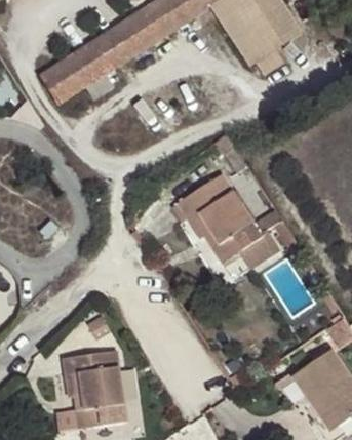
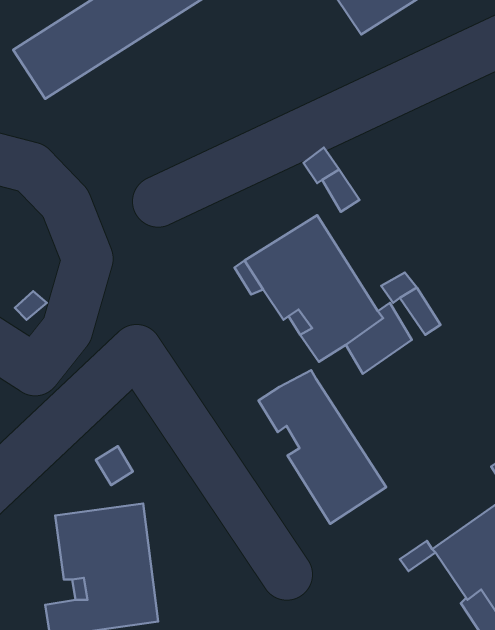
building: none -> [259,370,386,524]

